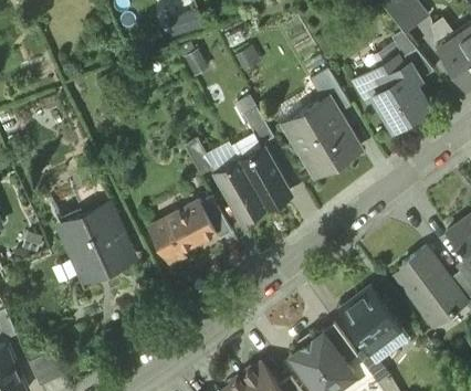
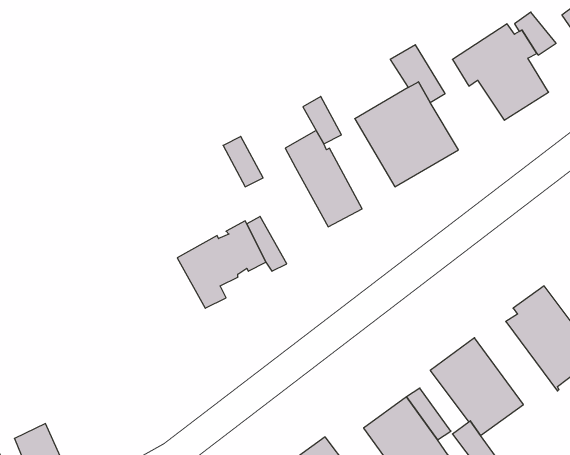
building: [214,162,263,220] -> none
building: [50,184,132,278] -> none

